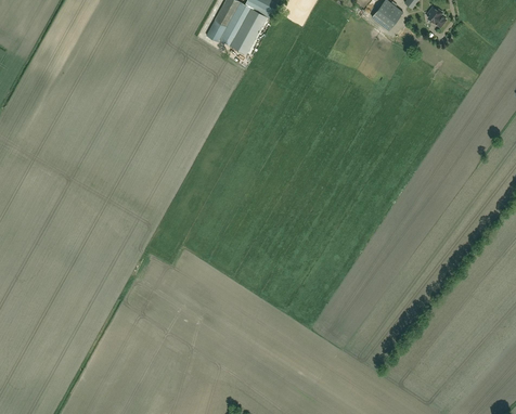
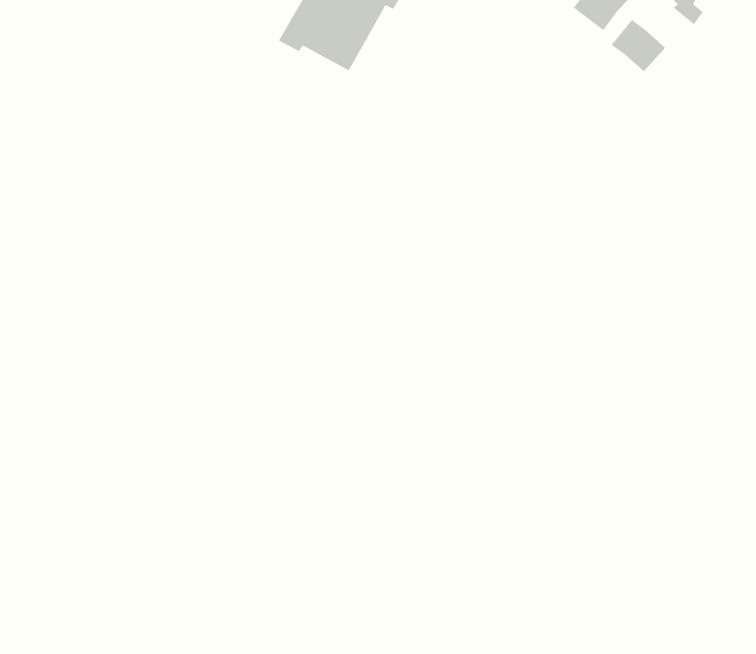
building: none -> [610,19,666,72]

